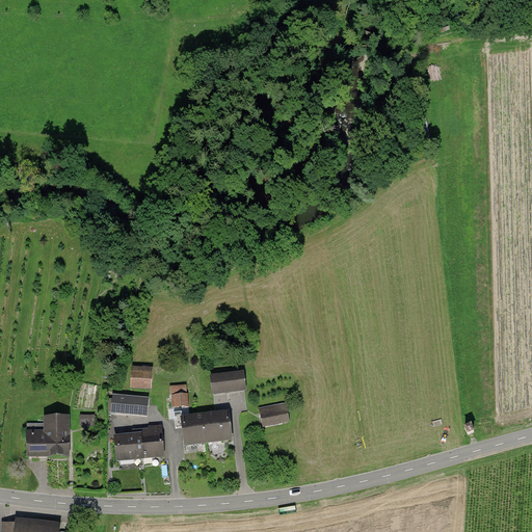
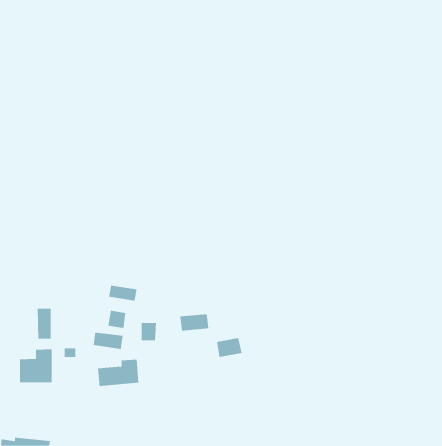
building: none -> [109,285,137,301]
building: none -> [37,308,51,340]
building: [183,413,235,445] -> none

